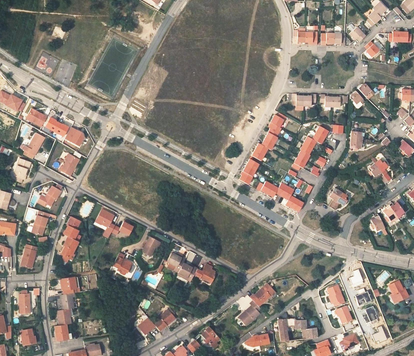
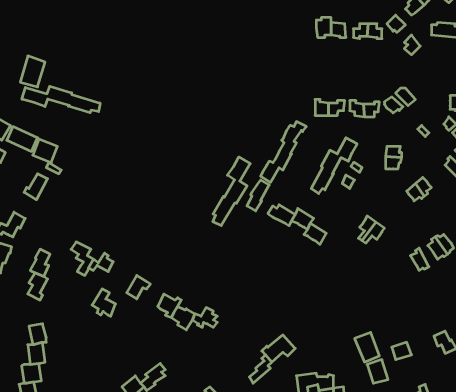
building: none -> [22,86,100,113]
building: none -> [213,157,250,226]

